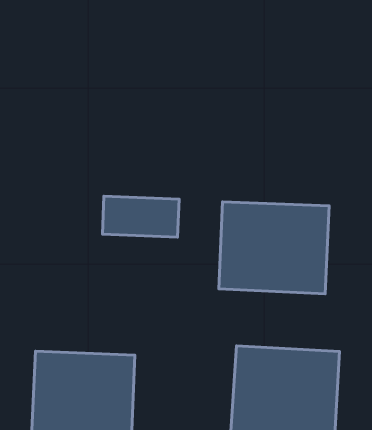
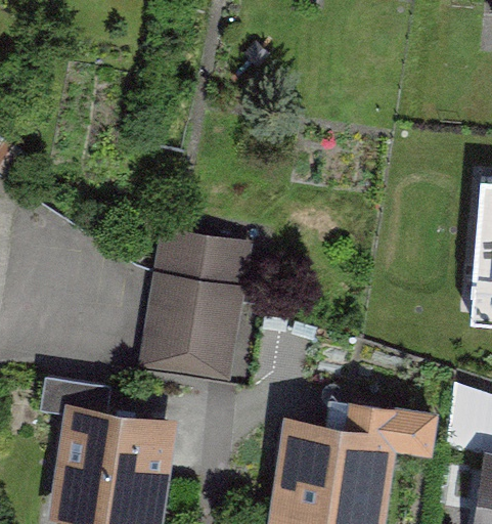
building: [219,202,329,294] -> none
building: none -> [140,273,237,379]

